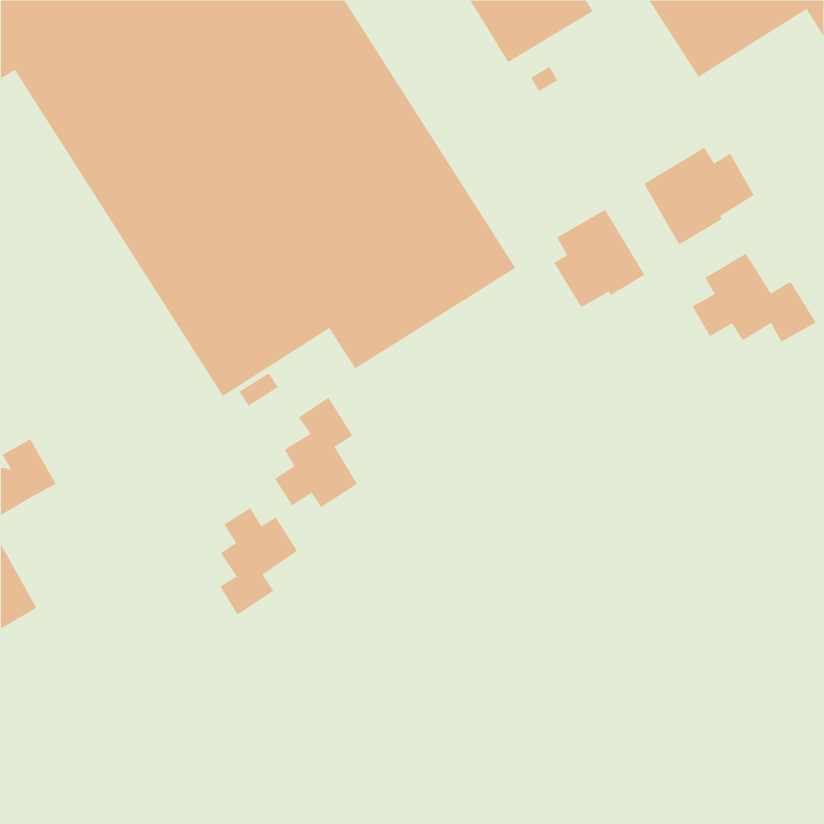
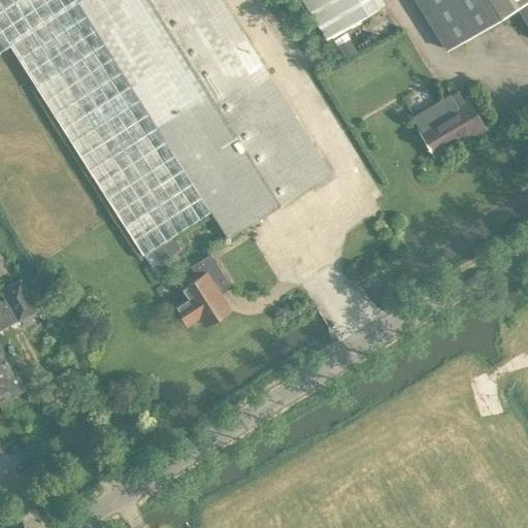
building: [554,209,645,308] -> none
building: [692,253,816,343] -> none
building: [220,507,298,616] -> none

